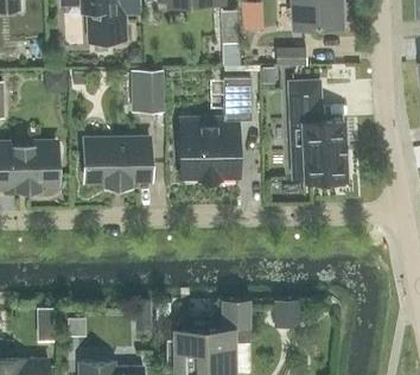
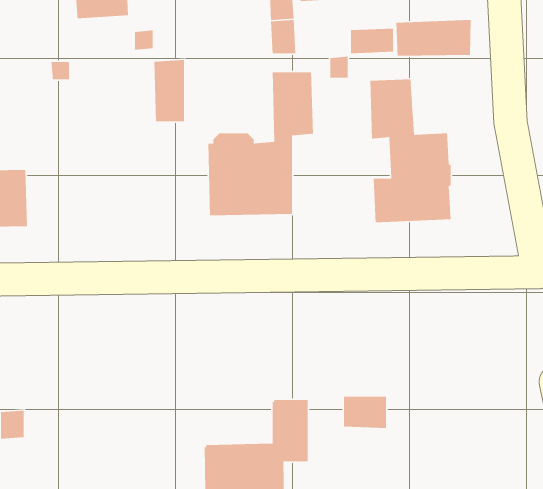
building: none -> [396,19,472,56]
building: [84,140,149,180] -> none

